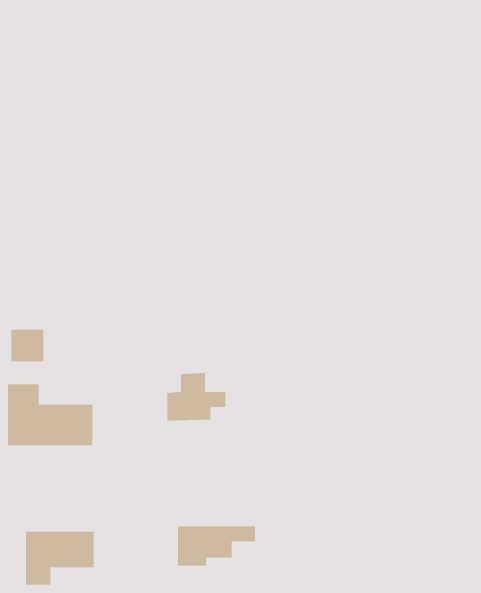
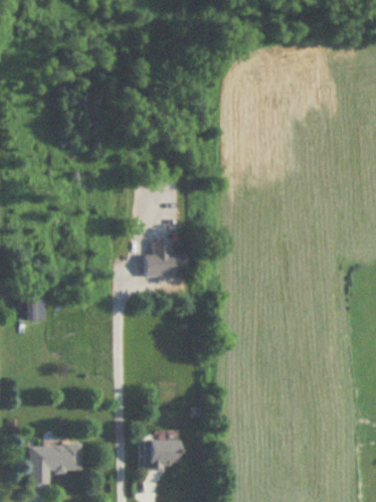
building: [167,372,226,421] -> [142,239,186,276]
building: [8,384,93,446] -> none

